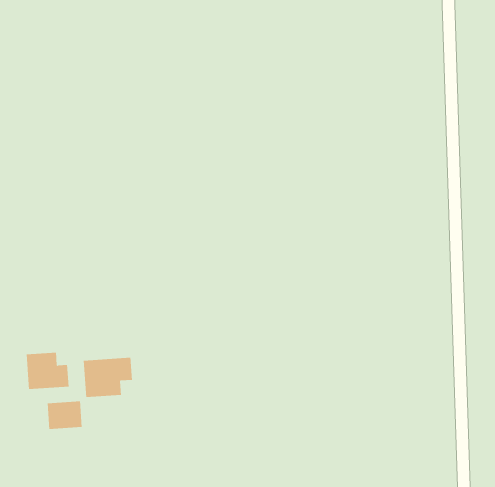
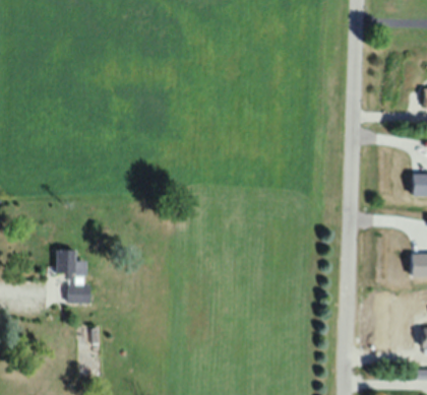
building: [83,357,132,398] -> none

